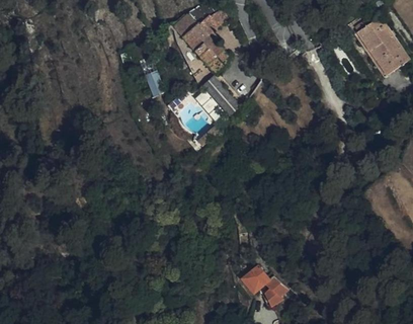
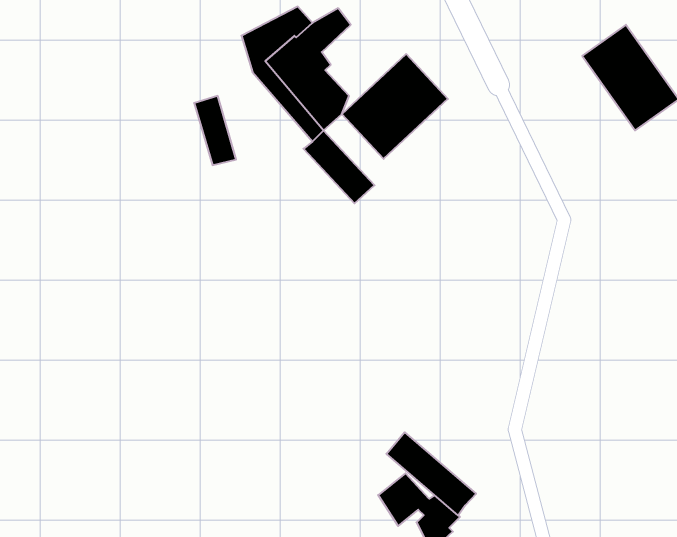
building: none -> [342,54,448,159]
building: none -> [386,432,476,515]

